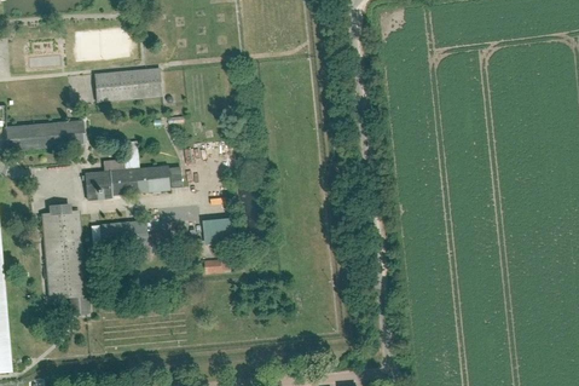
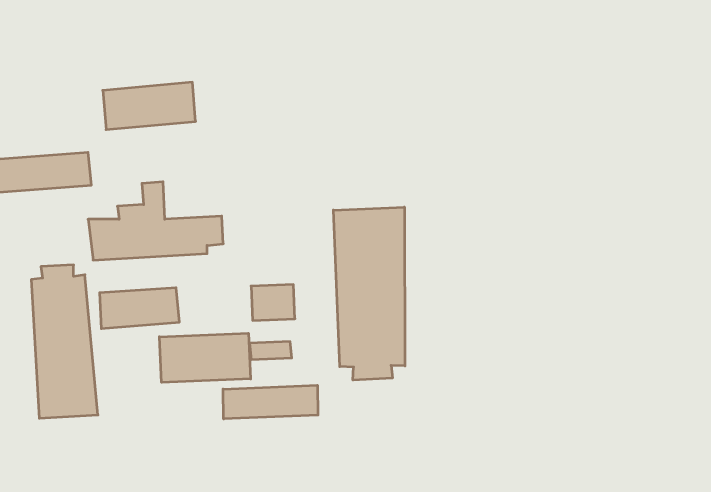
building: none -> [333,207,405,380]
building: none -> [159,333,251,382]
building: none -> [223,385,318,419]

